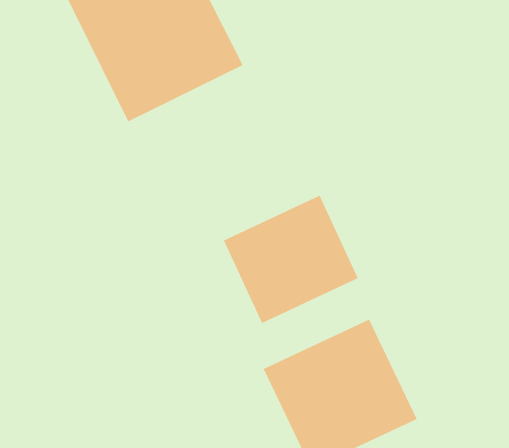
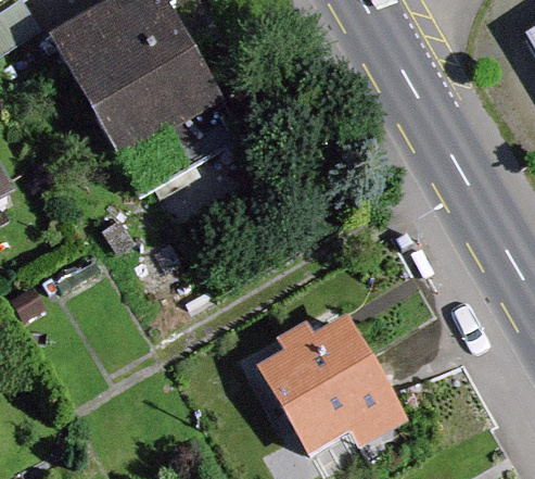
building: [223,195,359,324] -> none

